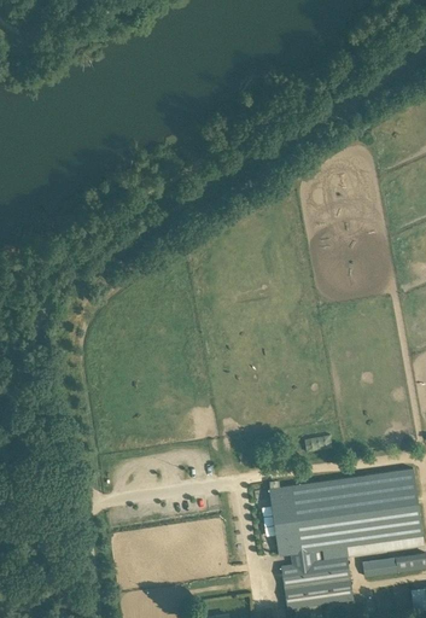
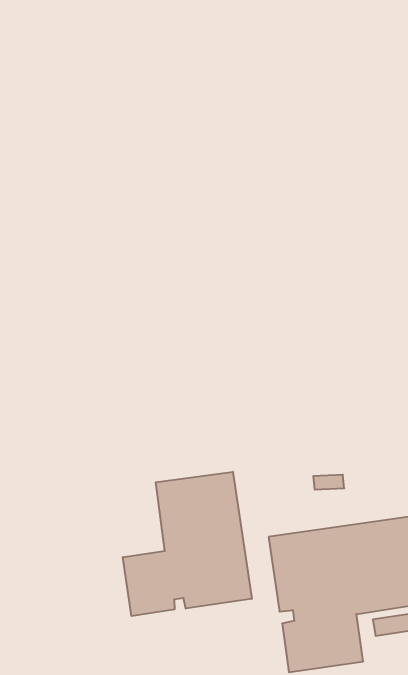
building: none -> [123,472,252,616]

